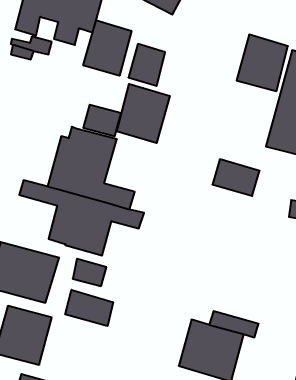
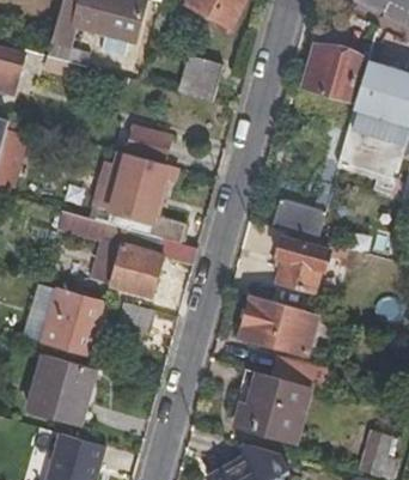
building: [83,20,131,76] -> none
building: [117,84,170,143] -> none
building: none -> [264,232,321,288]
building: none -> [239,296,318,356]
building: [65,290,113,326] -> none

